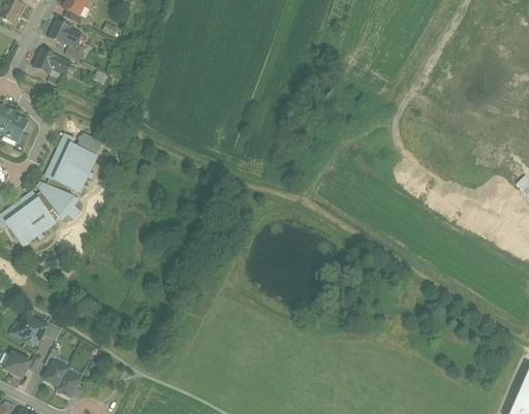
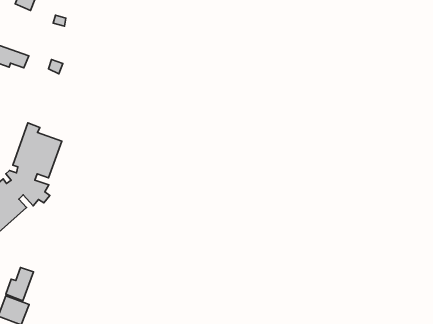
building: [50,22,82,47] -> none
building: none -> [6,268,34,301]

